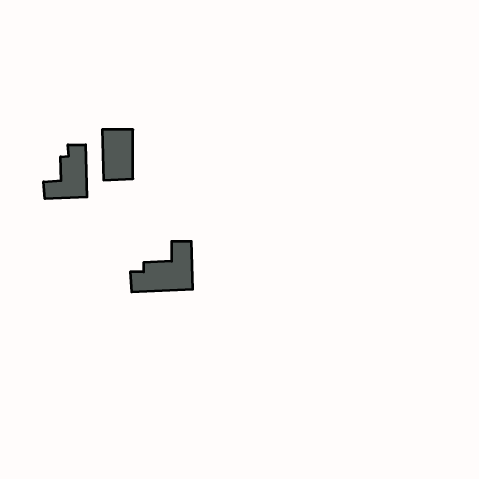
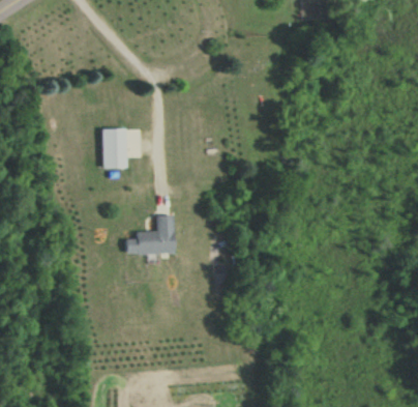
building: [44,145,87,199] -> none

